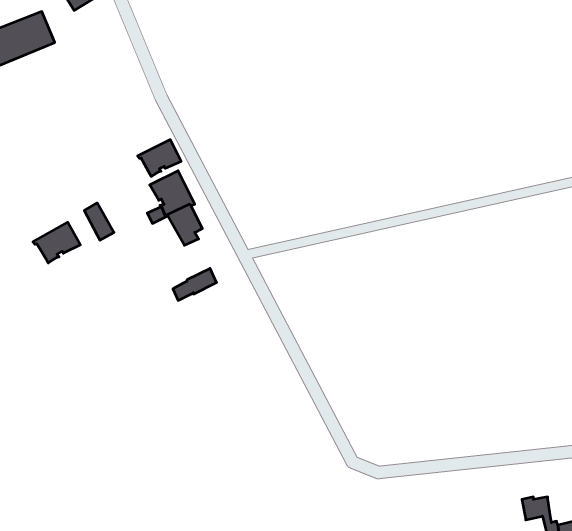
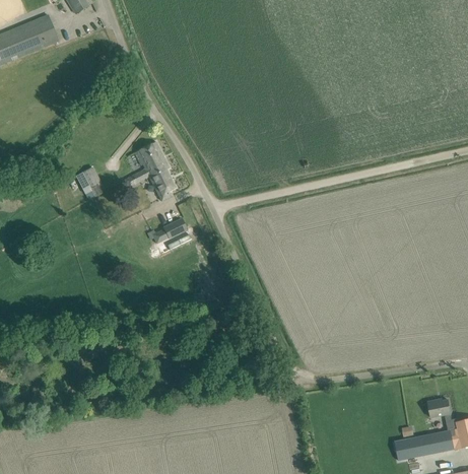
building: [138,140,181,176] -> none
building: [33,222,80,263] -> none

